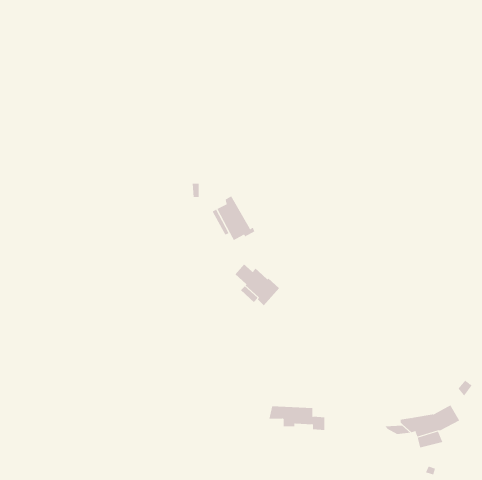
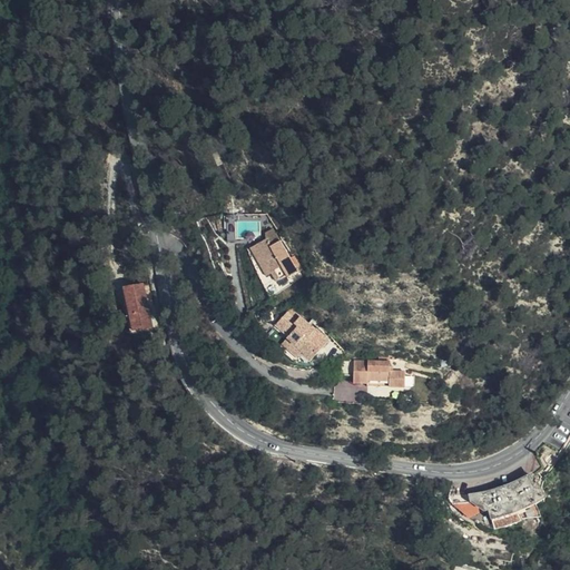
building: none -> [115,286,146,334]
building: [269,406,325,430] -> [337,358,404,387]

